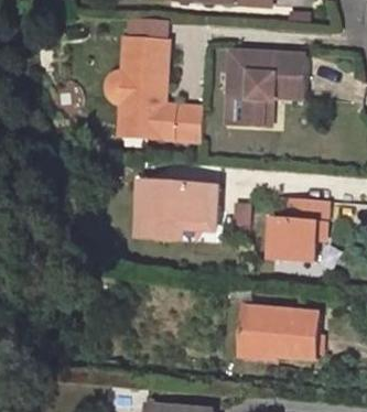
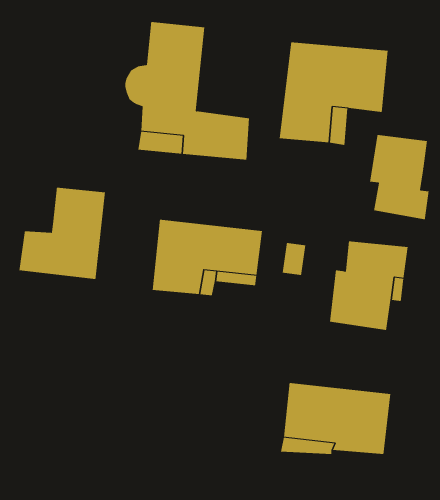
building: none -> [370,134,429,220]
building: none -> [19,187,106,280]

